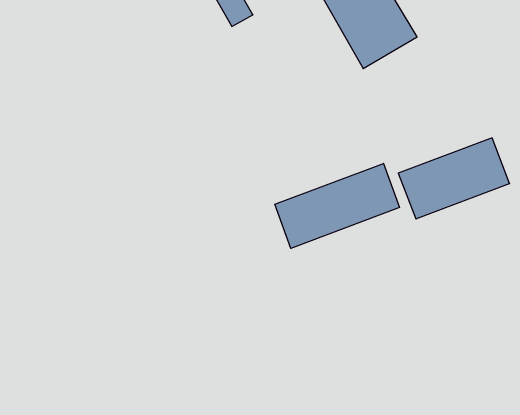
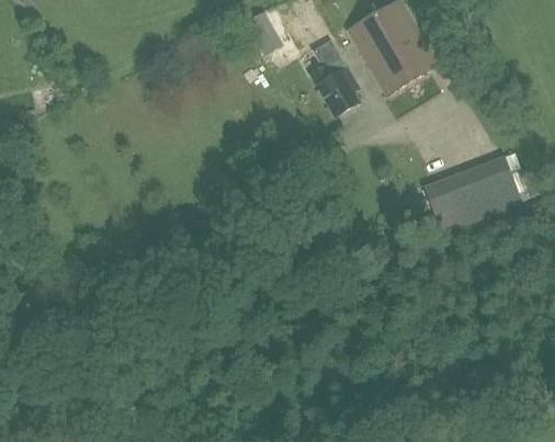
building: none -> [309,39,360,115]
building: [275,163,400,248] -> none

